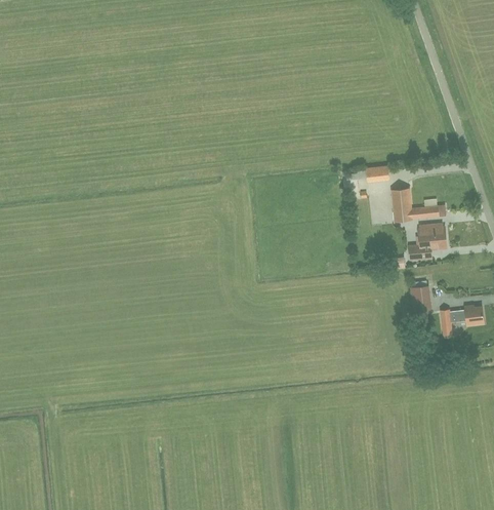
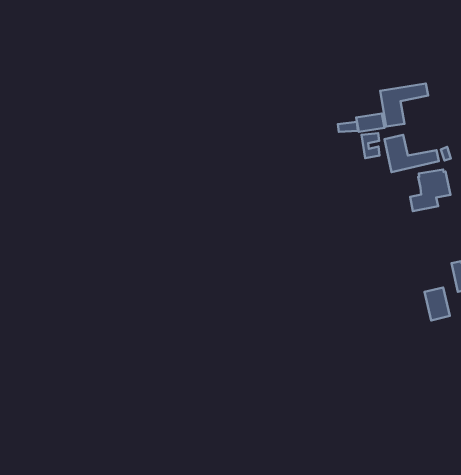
building: none -> [380,84,428,127]
building: [410,284,430,313] -> [425,287,450,320]

